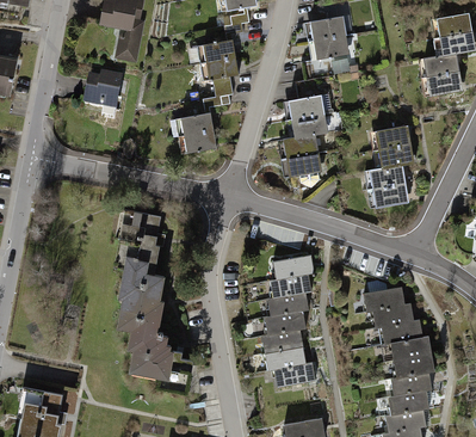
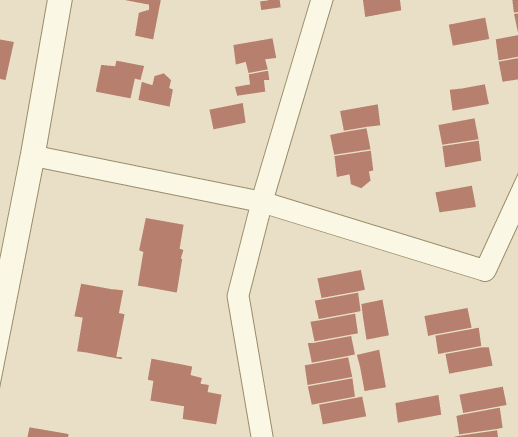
building: [313,35,348,60] -> [448,17,490,46]
building: [192,39,235,64] -> none
building: none -> [138,72,174,107]
building: [289,94,333,119] -> none
building: [184,130,216,153] -> none
building: [370,165,404,189] -> [449,83,490,112]
building: [120,270,165,336] -> [74,283,125,360]
building: none -> [361,299,390,341]
building: none -> [356,349,387,392]
building: [390,336,431,361] -> [394,394,442,424]

